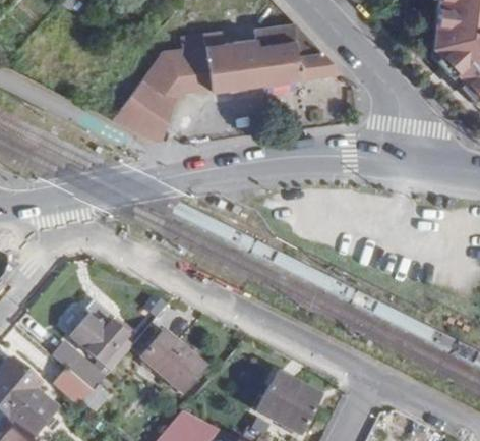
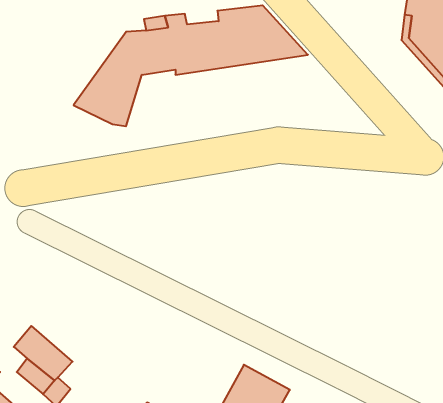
building: [72,298,133,369] -> none
building: [141,329,203,389] -> none

